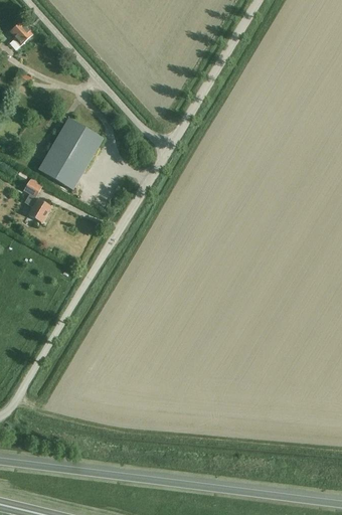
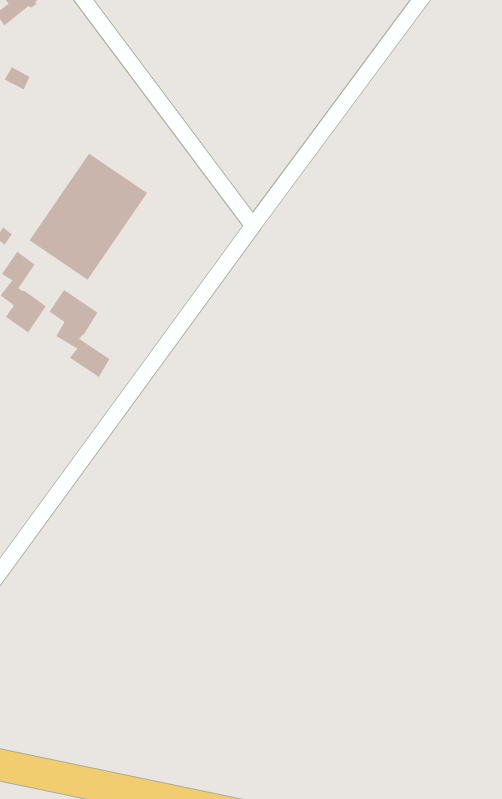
building: none -> [48,289,111,378]

